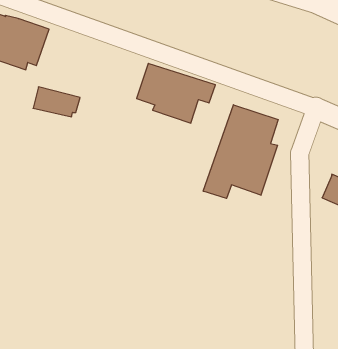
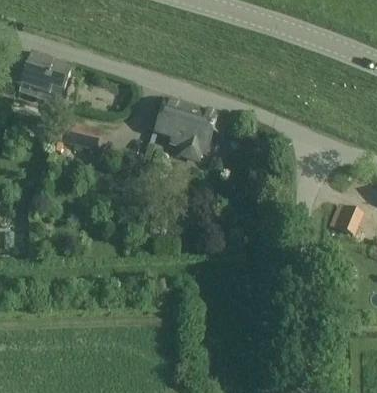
building: [203,105,278,198] -> none

